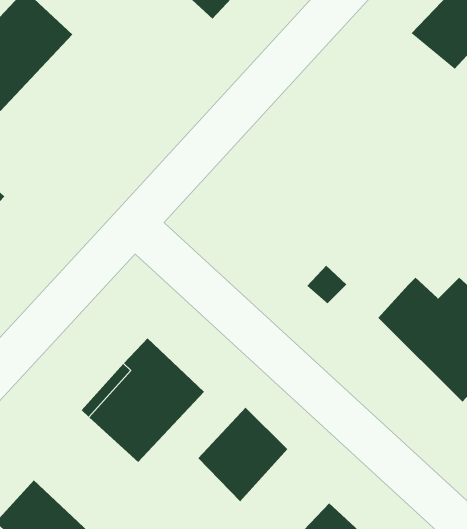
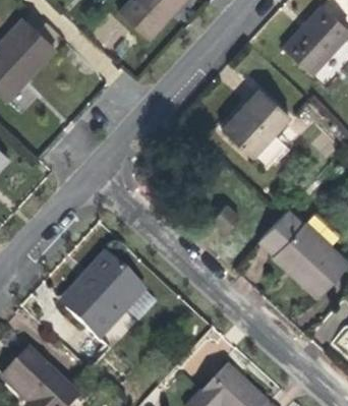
building: none -> [225,90,288,167]
building: [197,407,288,502] -> none

